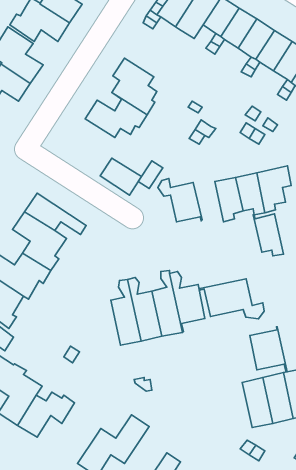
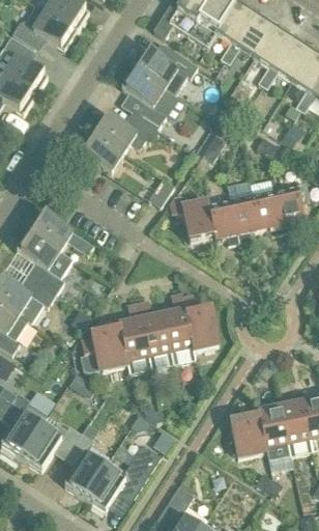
building: none -> [135,47,199,92]
building: [100,158,141,195] -> [81,131,124,170]
building: [253,214,283,256] -> [207,197,239,242]
building: [199,279,264,319] -> none
building: none -> [81,323,130,370]
building: [250,327,287,372] -> [230,410,269,457]
building: none -> [65,431,106,496]

